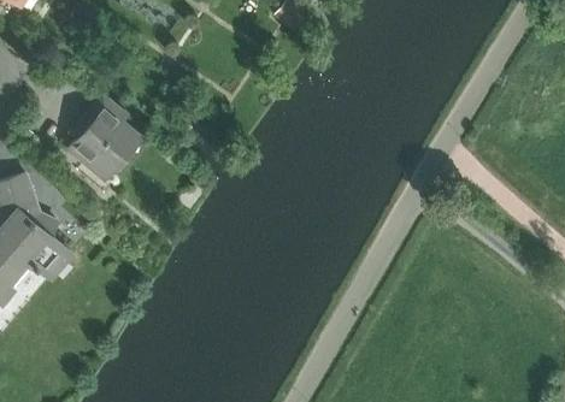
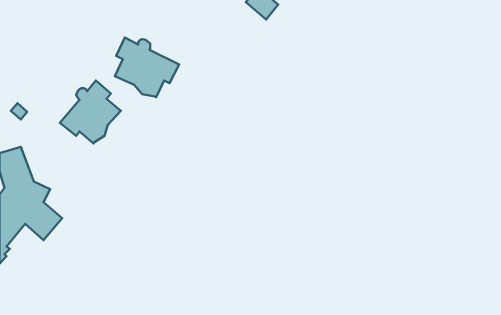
building: none -> [115,37,179,97]

